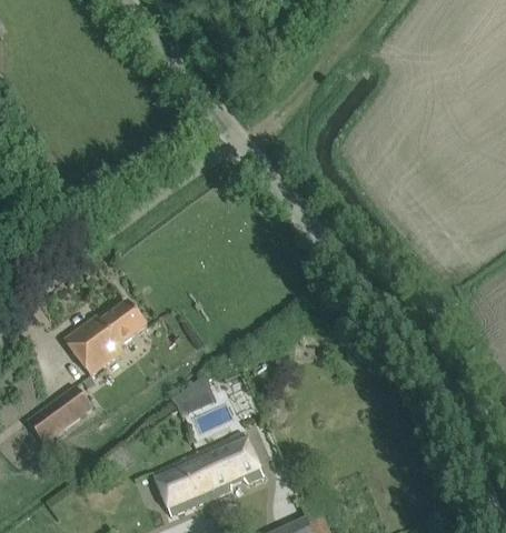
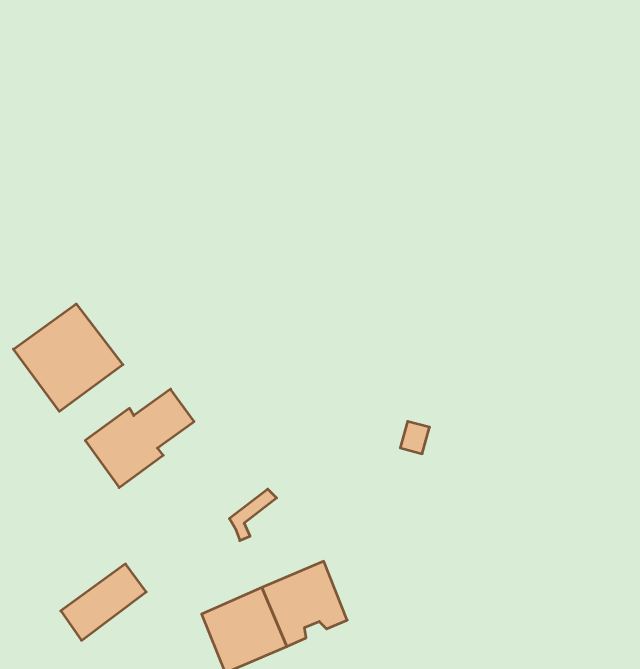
building: none -> [13,304,123,411]
building: [28,385,92,443] -> [61,564,146,640]

